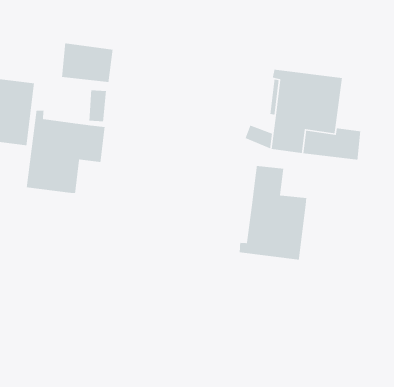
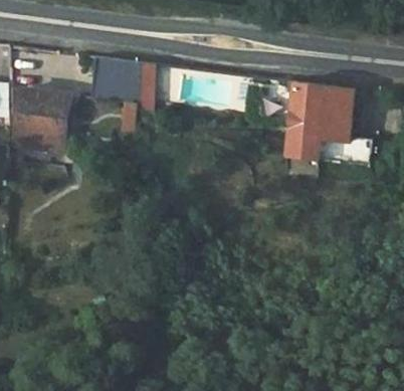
building: [26,110,105,194] -> none
building: [239,165,307,260] -> none

